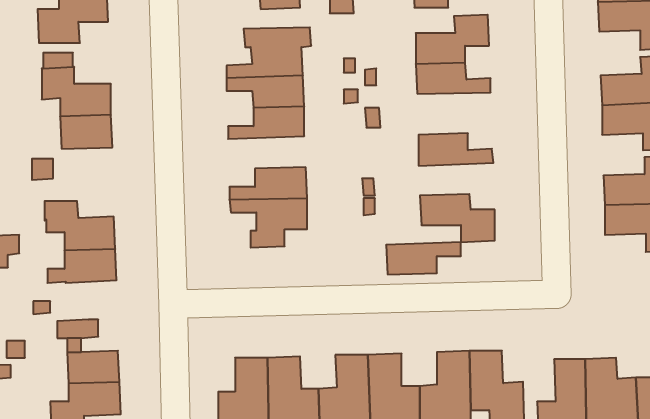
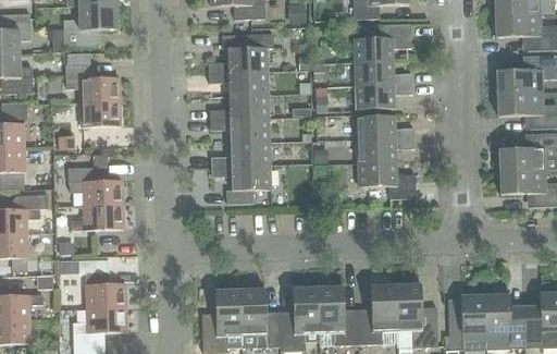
building: none -> [355,84,411,109]
building: none -> [209,118,269,143]
building: [386,242,461,274] -> [356,138,413,163]

